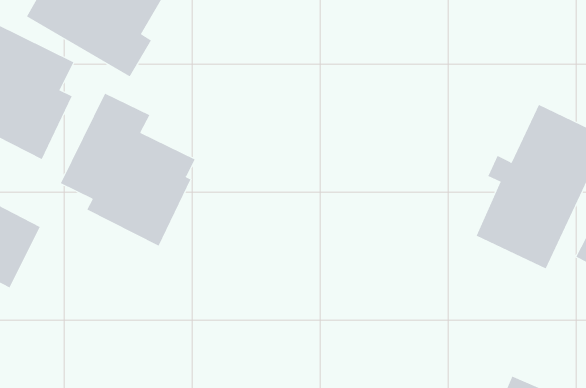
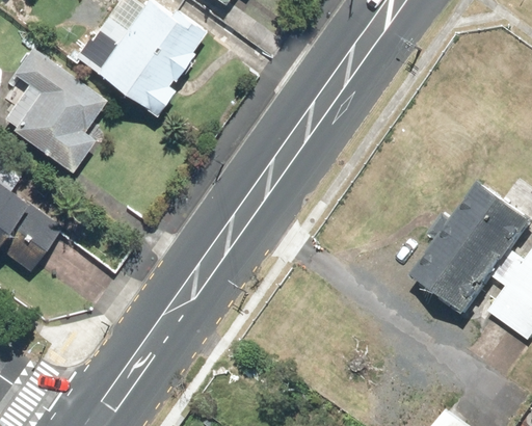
building: [60,93,196,246] -> none

